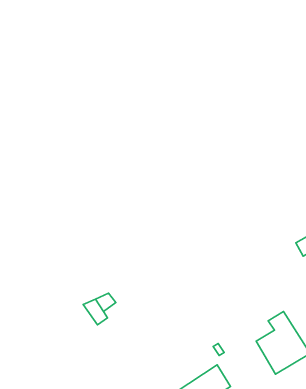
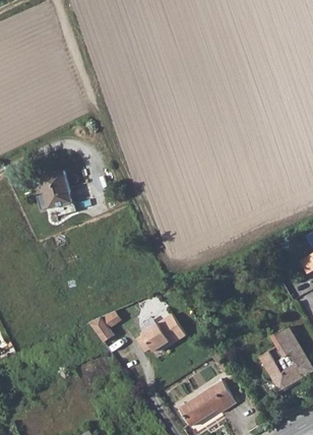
building: none -> [38,171,71,209]
building: none -> [140,312,183,350]

